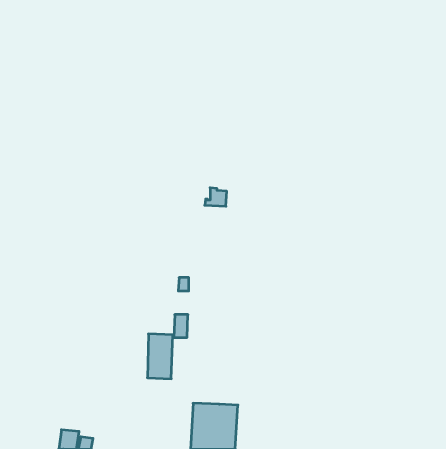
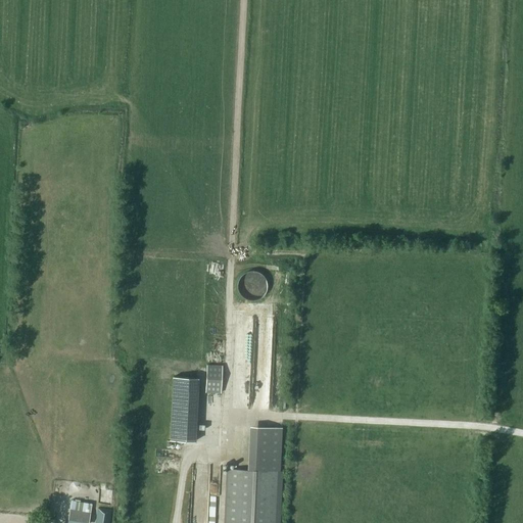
building: [205,188,227,206] -> [241,275,267,296]
building: none -> [255,427,279,465]

